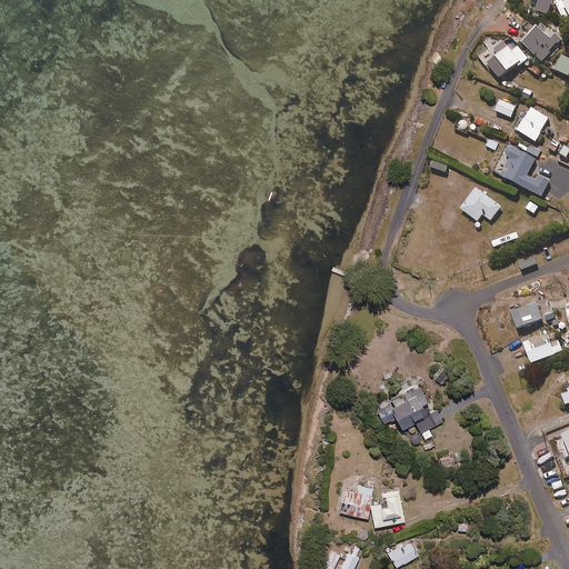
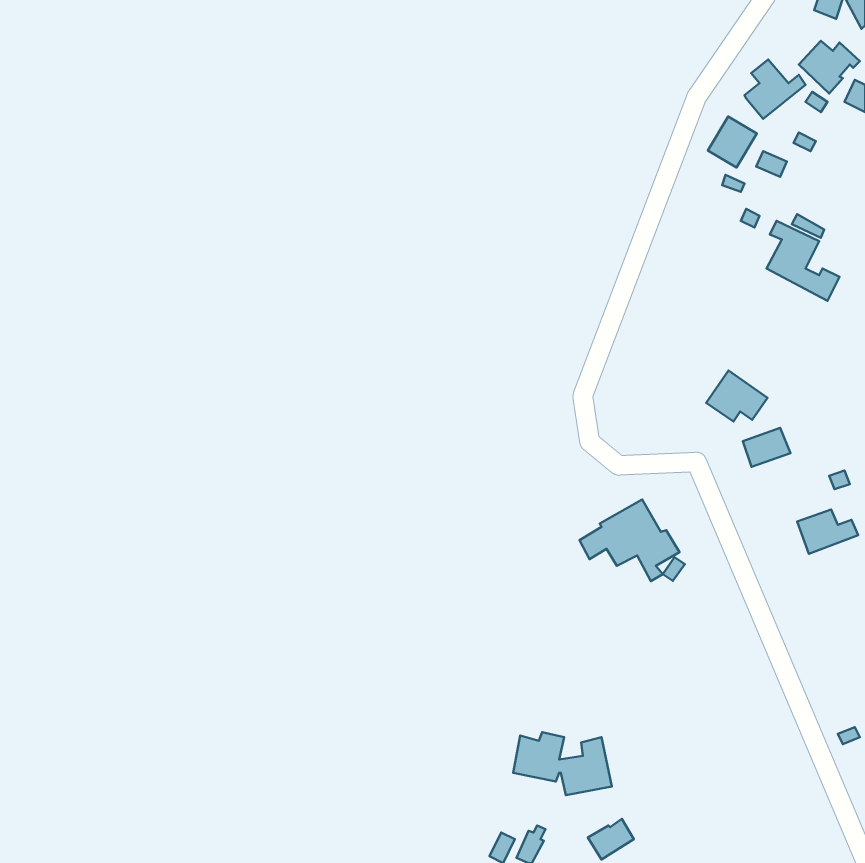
building: [517,108,549,141] -> [708,116,757,167]
building: [460,187,500,220] -> [706,371,767,422]
building: [511,302,542,328] -> [743,428,790,467]
building: [376,382,441,436] -> [579,500,680,581]

